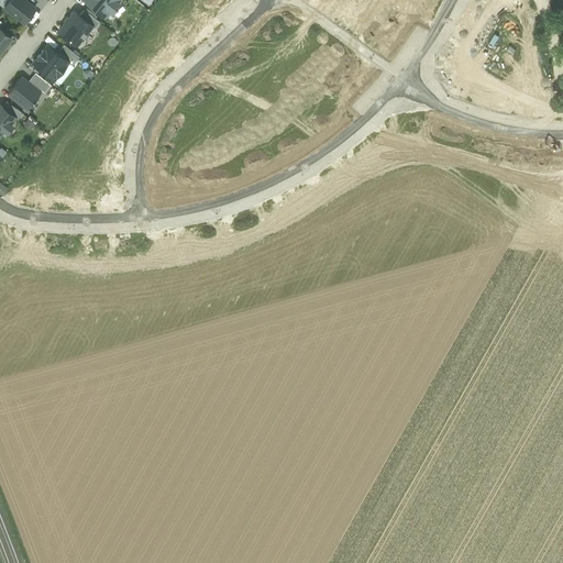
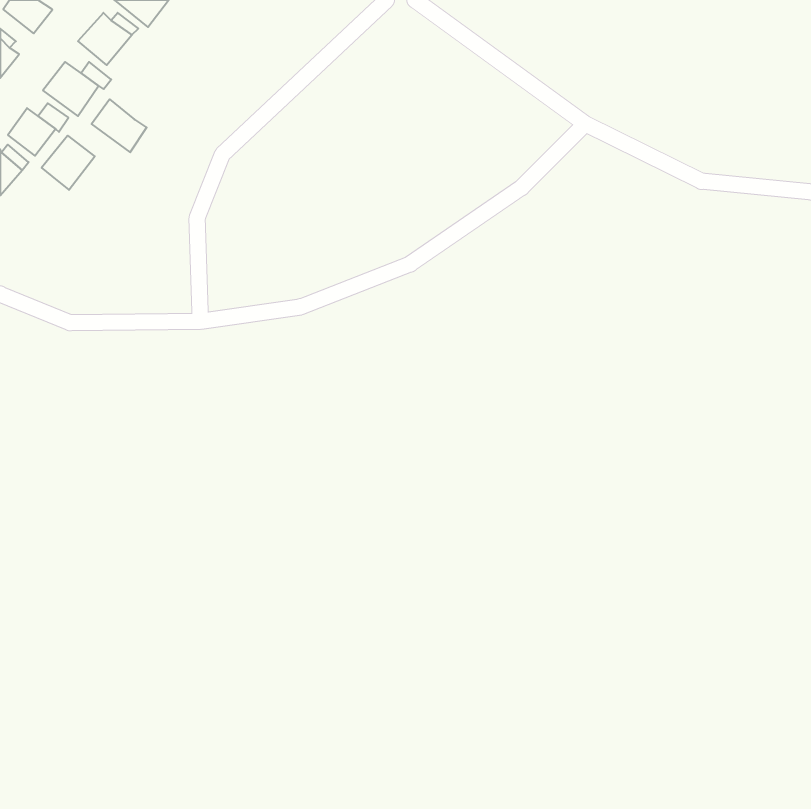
building: none -> [92,99,147,152]
building: none -> [42,136,95,190]

